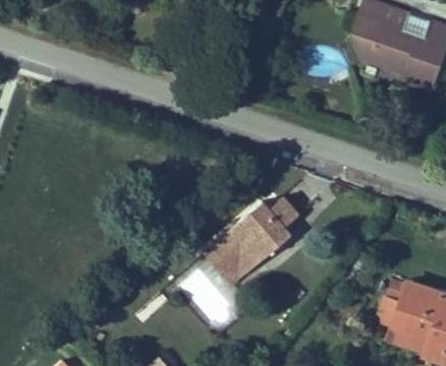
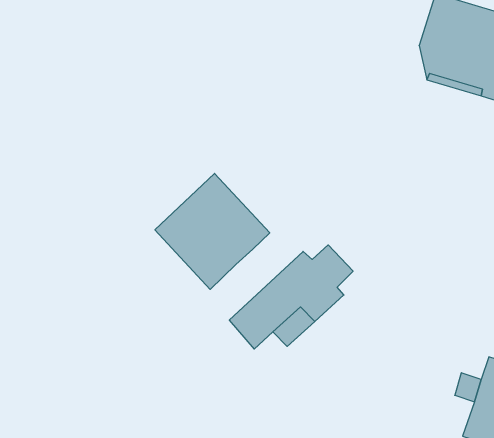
building: none -> [155,173,270,289]

